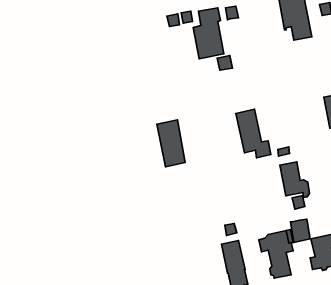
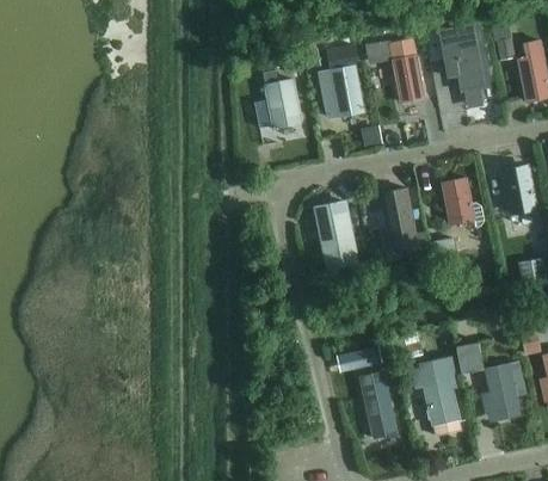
building: none -> [393,56,424,103]
building: none -> [254,69,301,129]
building: [157,120,185,167] -> [318,202,357,267]
building: [280,162,310,198] -> [442,177,484,227]

